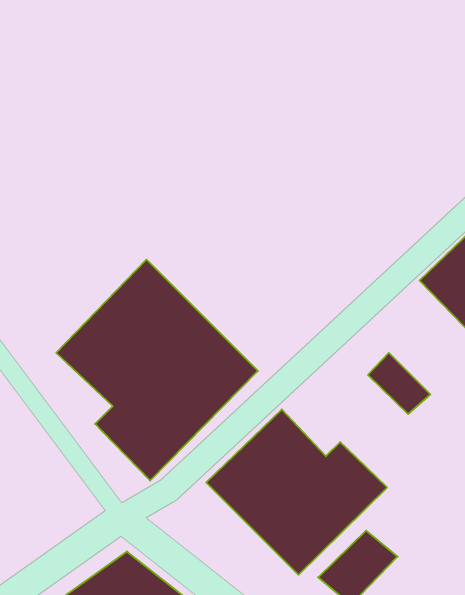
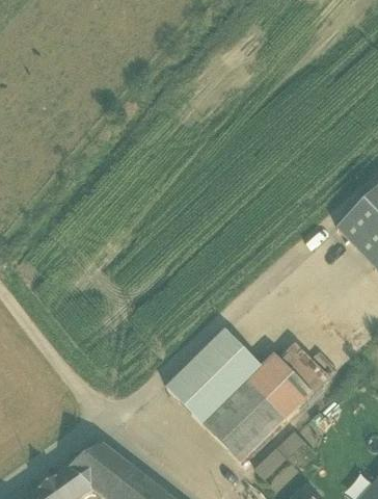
building: [56,260,258,481] -> none
building: [368,353,430,414] -> [278,343,328,392]

